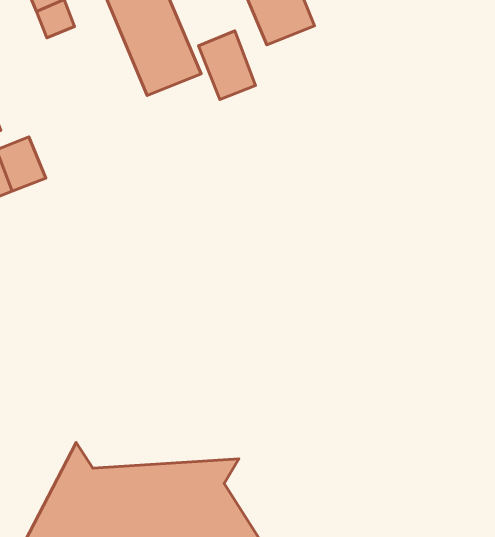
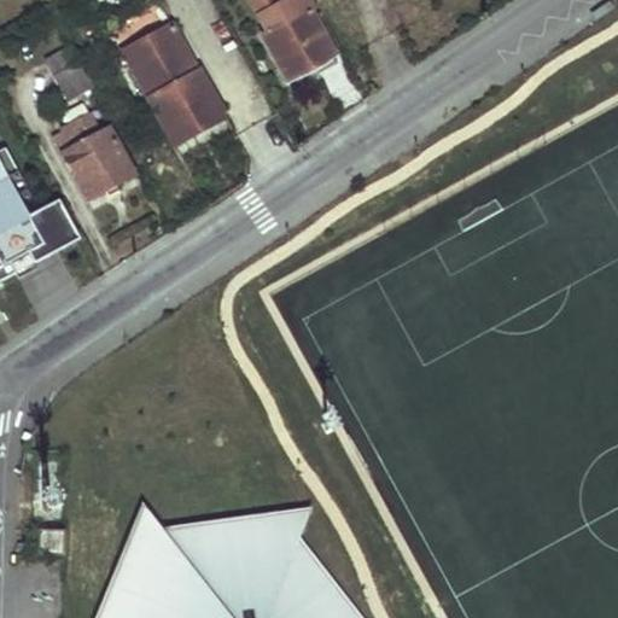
building: [198,31,256,100] -> none
building: none -> [52,113,134,199]

